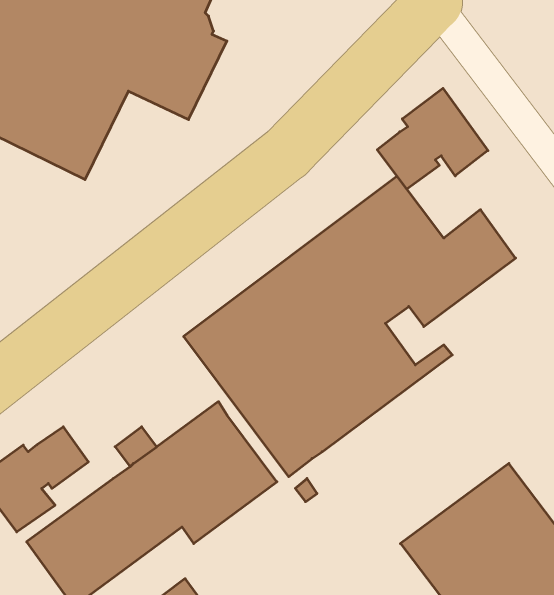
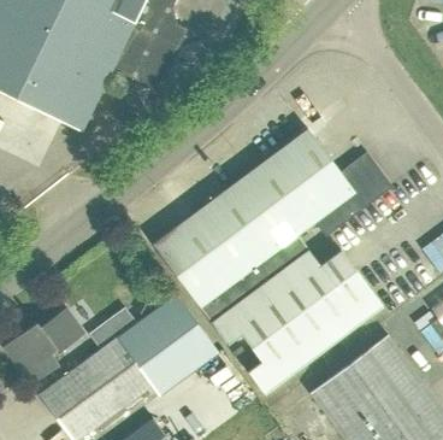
building: [377,88,488,189] -> none
building: none -> [244,257,382,394]

